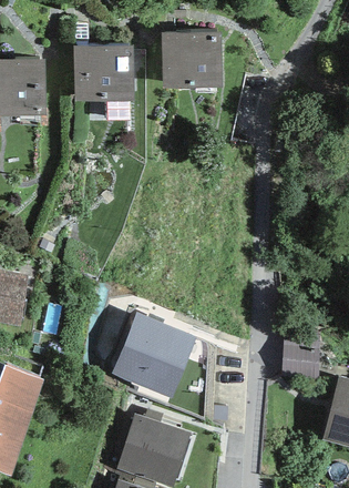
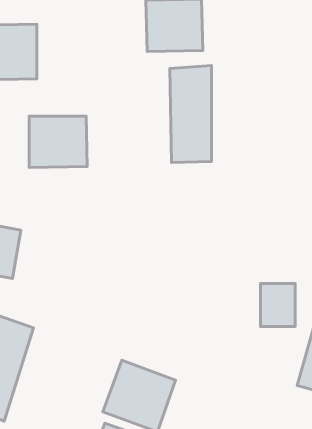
building: [74,47,135,101] -> [29,116,87,168]
building: none -> [170,66,212,163]
building: [112,312,196,398] -> none

